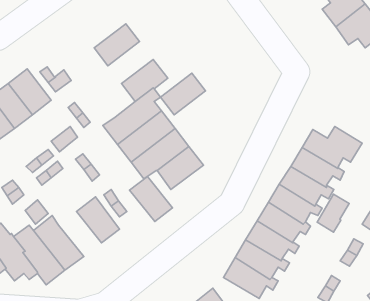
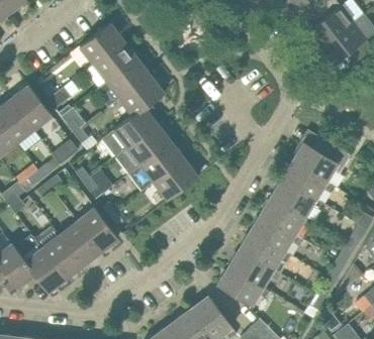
building: none -> [79,23,123,65]
building: [160,73,206,115] -> [106,59,150,99]
building: [130,177,173,222] -> [59,222,100,265]
building: [317,194,349,232] -> none

